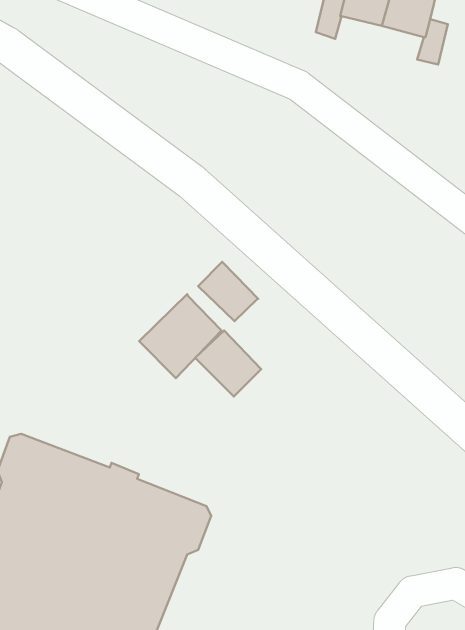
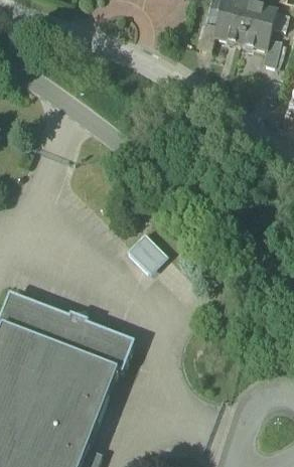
building: [198,262,258,321] -> none
building: [139,294,221,378] -> none

